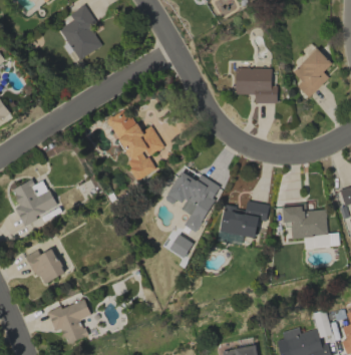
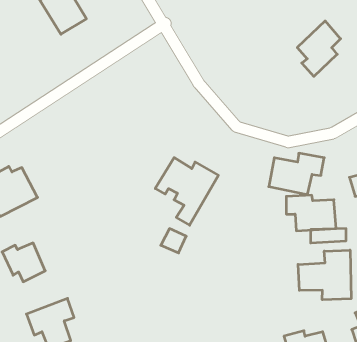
building: [235,67,277,102] -> none
building: [106,107,162,180] -> none
building: [219,201,269,238] -> [269,153,324,194]
building: none -> [298,250,351,300]

